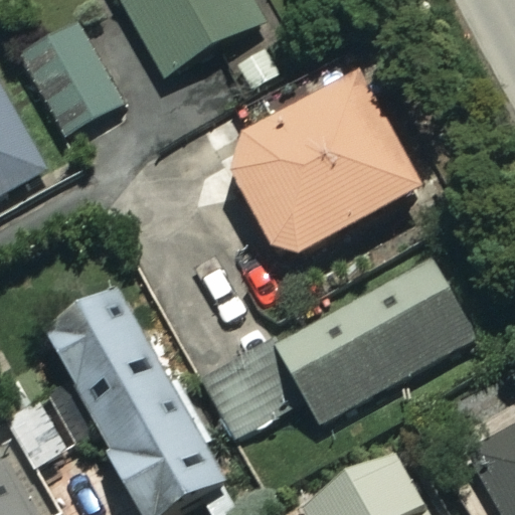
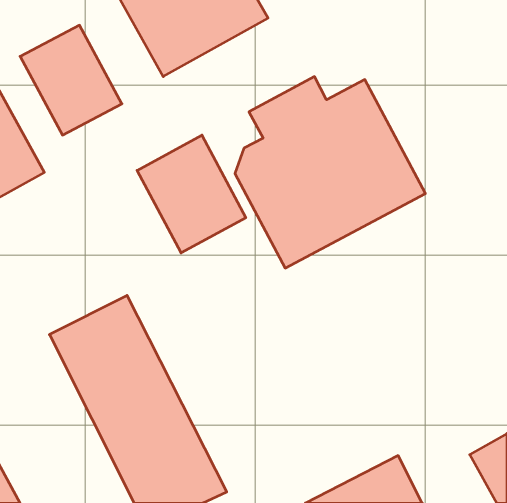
building: none -> [137,135,246,253]
building: [273,252,473,422] -> none

